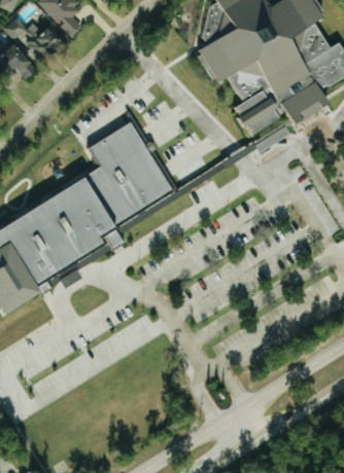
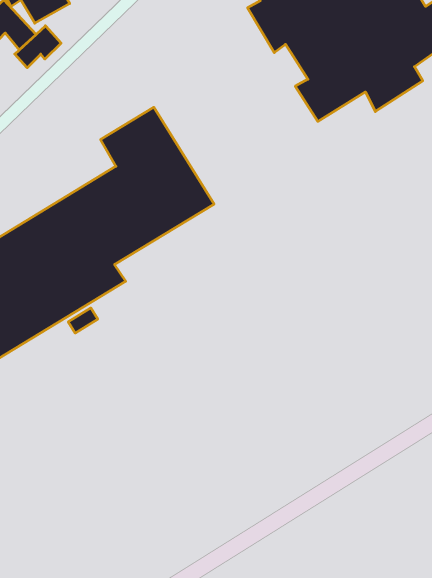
building: none -> [15,26,61,68]

